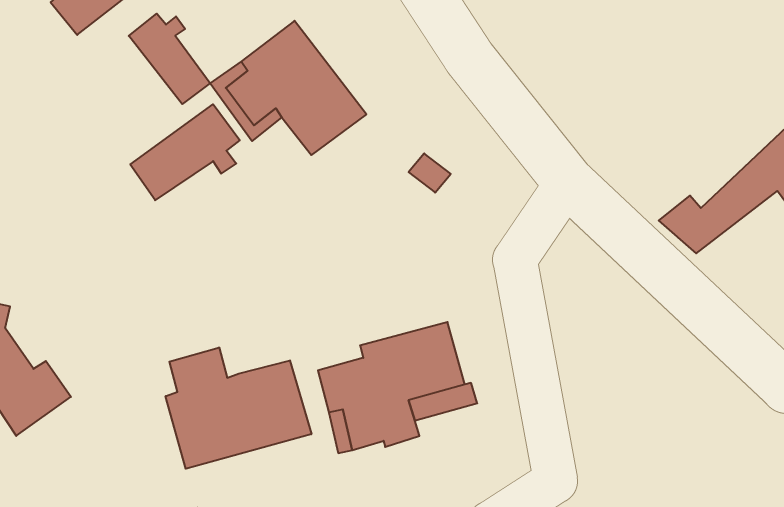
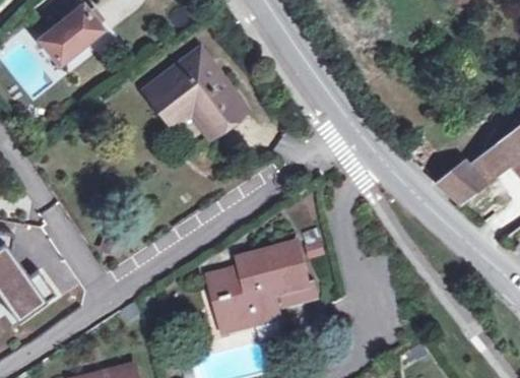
building: [129,14,210,104] -> none
building: [130,104,240,200] -> none
building: [166,347,311,469] -> none

